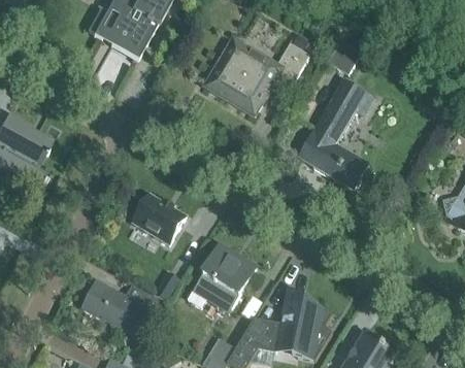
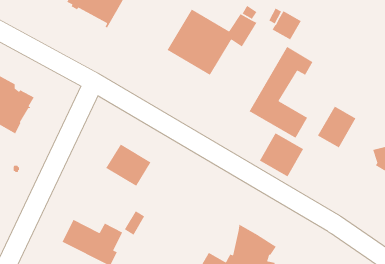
building: none -> [317,105,357,148]
building: none -> [259,132,304,178]
building: [187,245,256,308] -> none

